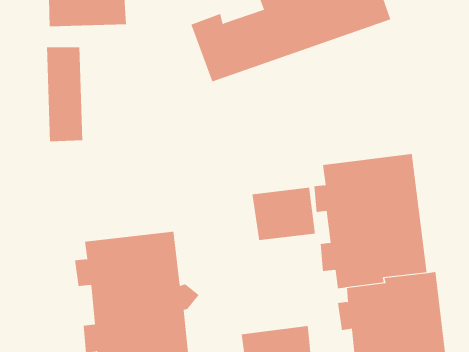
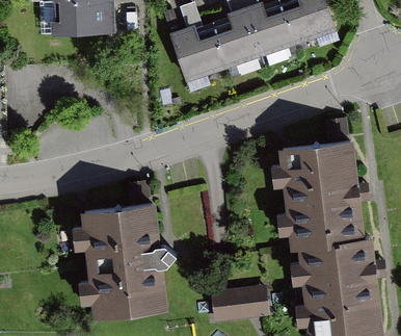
building: [47,46,83,142] -> none
building: [252,187,316,241] -> none

